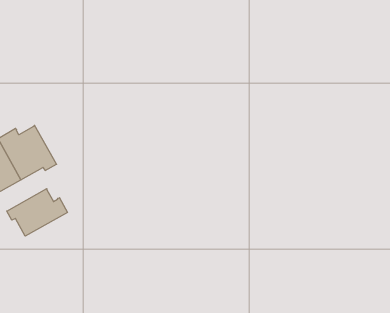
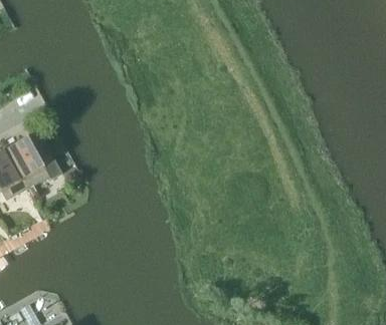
building: [7,189,67,236] -> none

